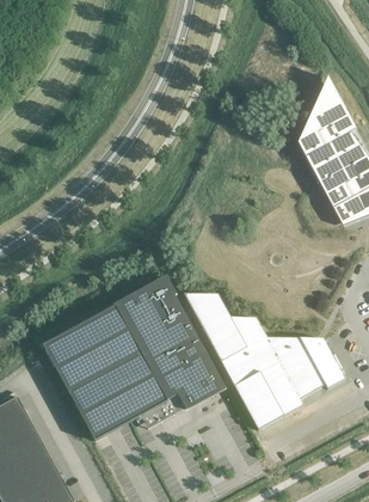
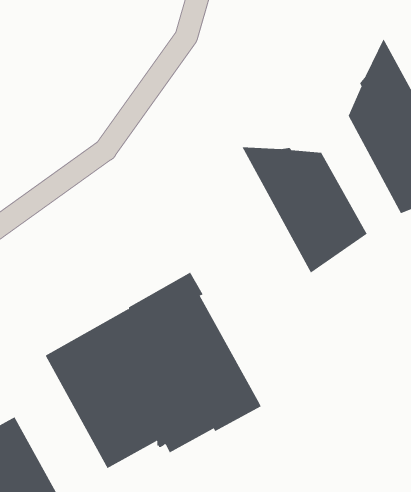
building: none -> [241,146,367,274]
building: [183,292,344,428] -> none

